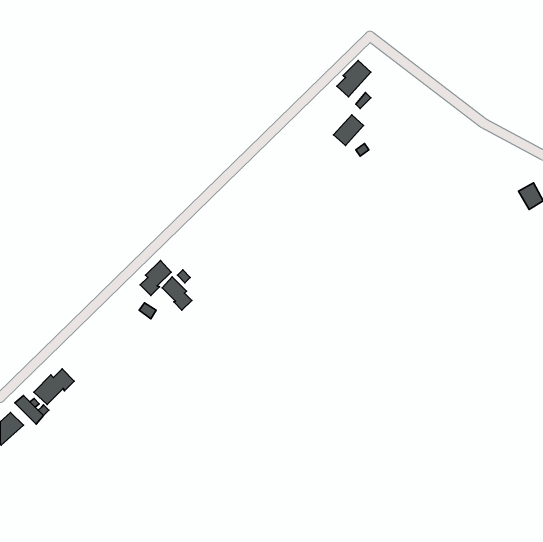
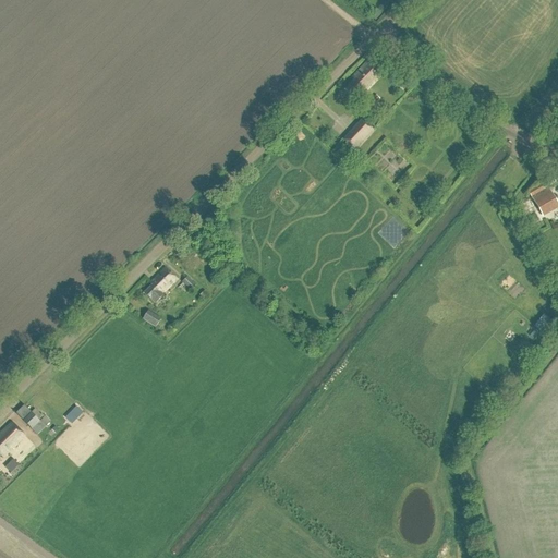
building: [162,277,192,310] -> none
building: [34,369,74,404] -> none

